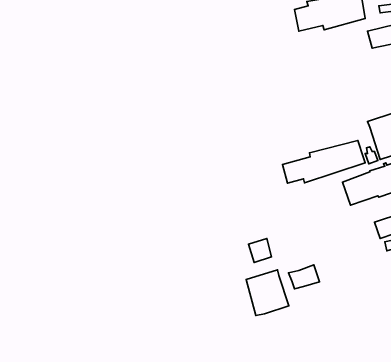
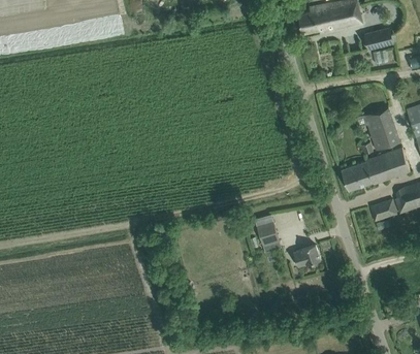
building: [282,141,365,183] -> none
building: [246,270,289,316] -> none

